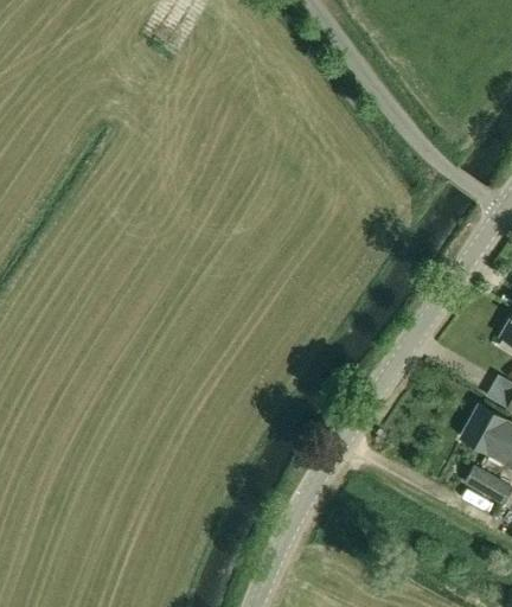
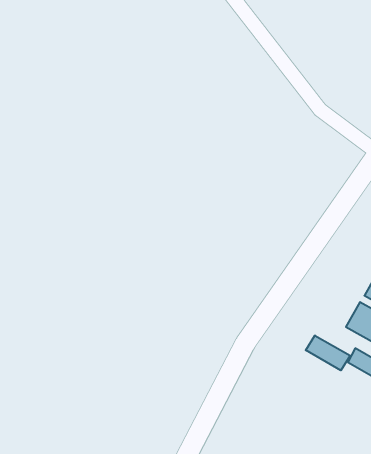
building: none -> [306,335,350,370]

